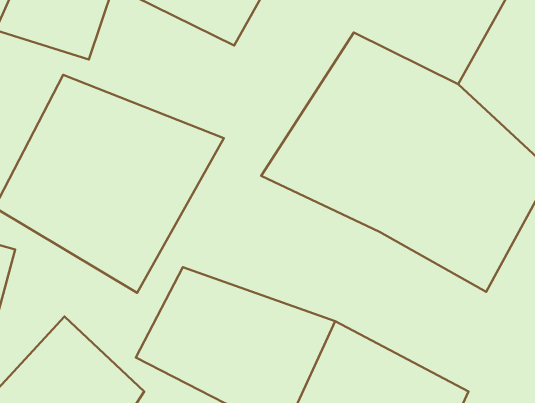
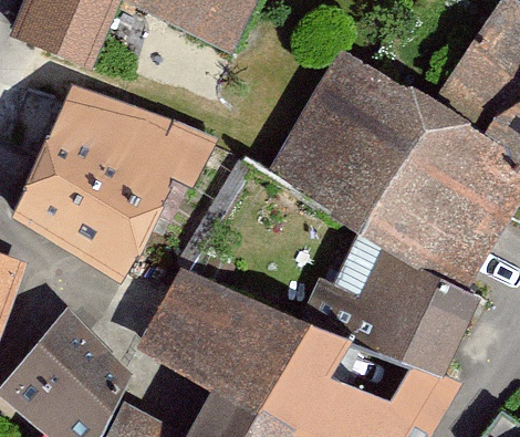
building: none -> [324,233,481,384]

